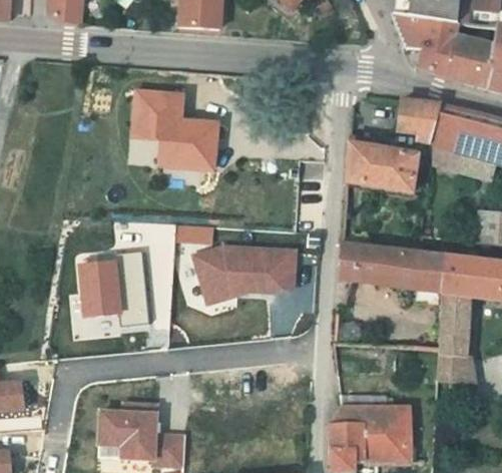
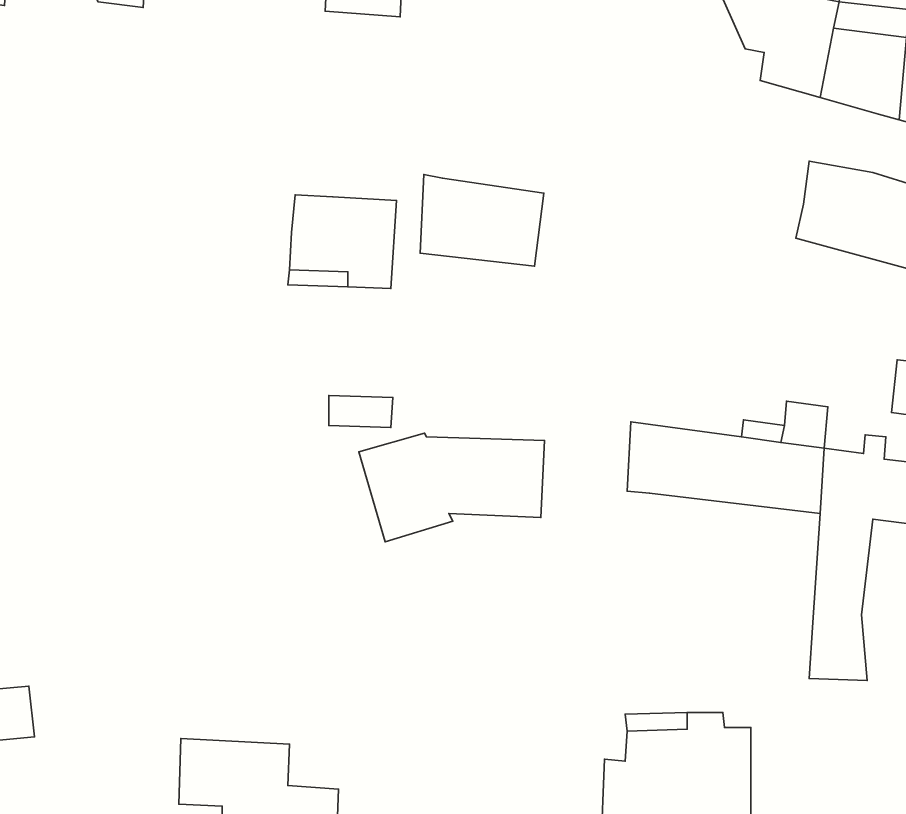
building: [135,93,183,140] -> none
building: [400,98,437,143] -> none
building: [345,140,411,189] -> [420,174,544,266]
building: [85,255,150,328] -> none

